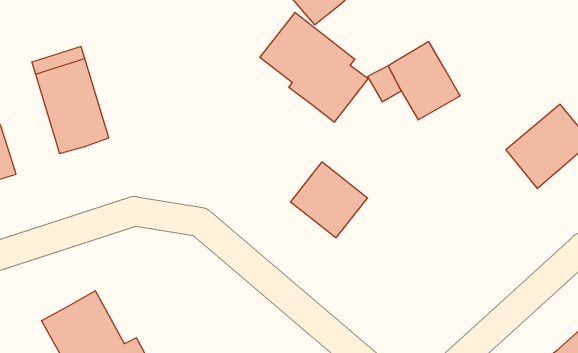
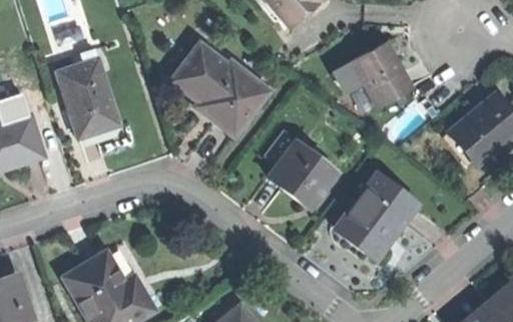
building: [260,12,368,122] -> [170,43,261,134]
building: none -> [336,173,416,252]

